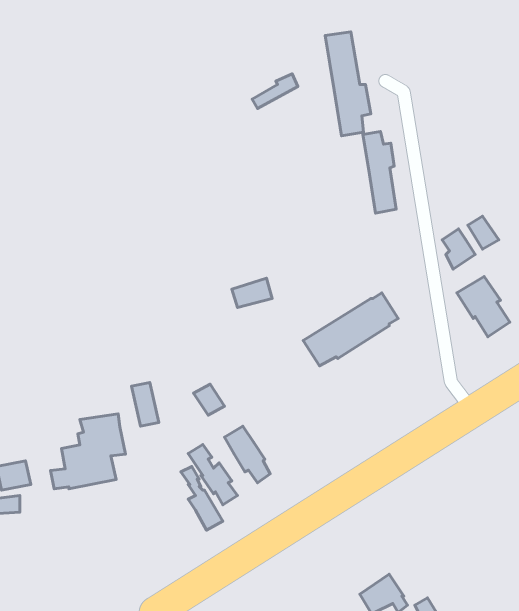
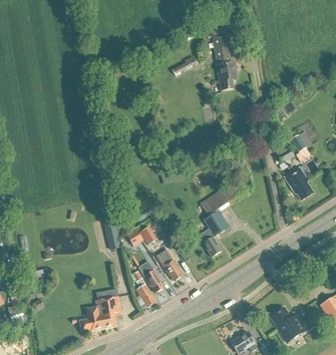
building: [363,132,396,213] -> none
building: none -> [200,211,228,256]
building: [51,414,125,489] -> [80,289,121,330]
building: none -> [271,307,305,340]

